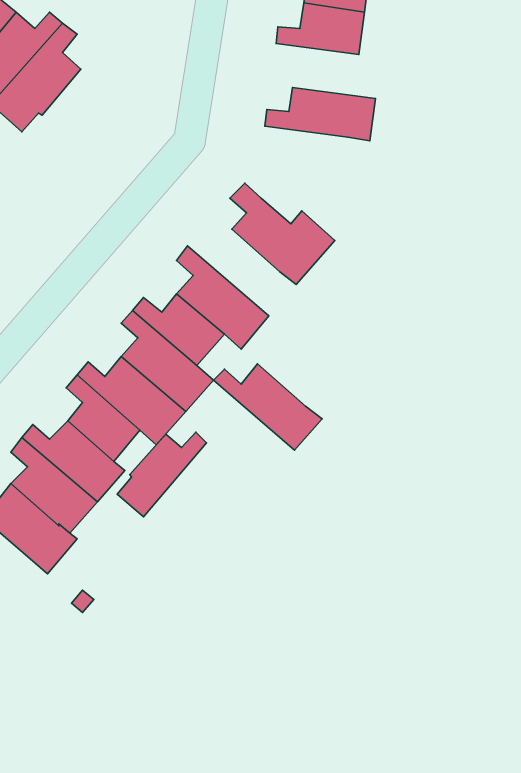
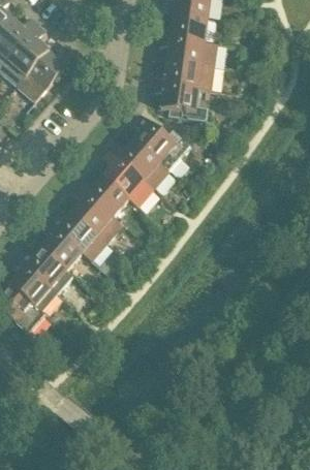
building: none -> [156,37,217,68]
building: none -> [16,52,67,103]
building: none -> [150,84,208,123]
building: [213,364,322,450] -> [108,142,169,190]
building: [117,432,206,517] -> none

